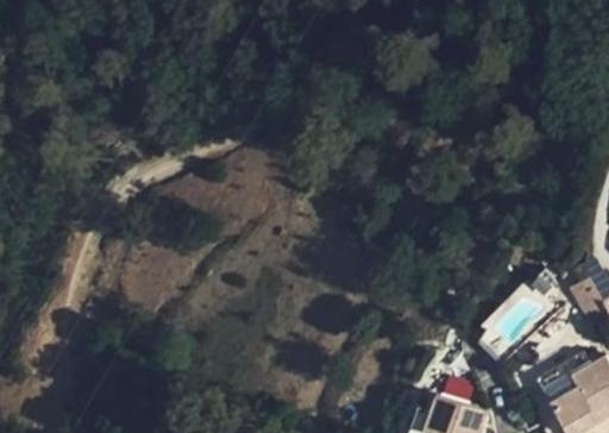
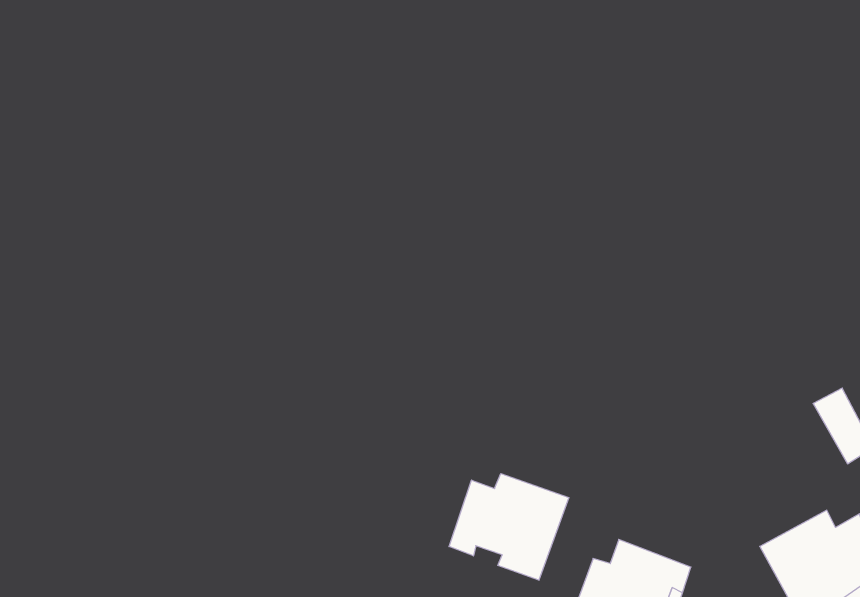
building: none -> [449,474,569,580]

